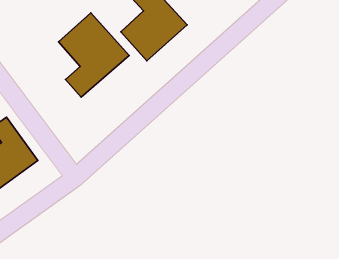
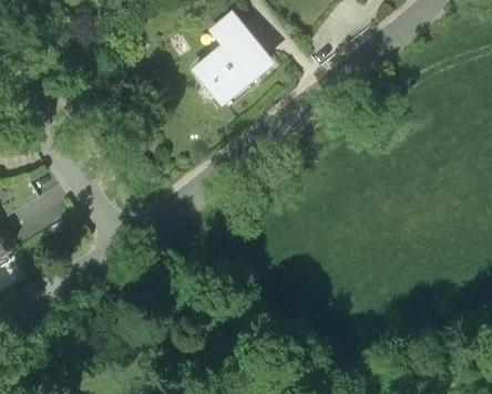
building: [59,13,129,97] -> none

